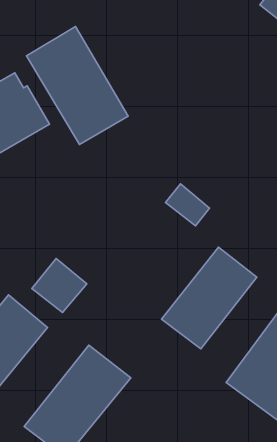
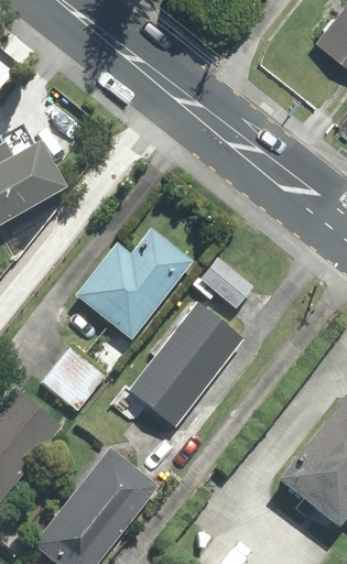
building: [27,26,128,145] -> none
building: none -> [78,228,192,335]
building: [162,247,257,349] -> [130,304,242,424]

